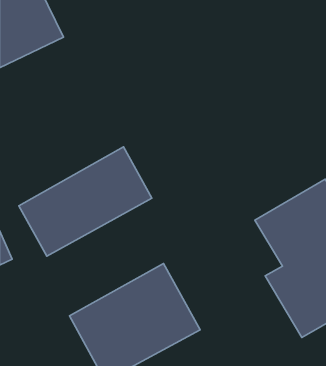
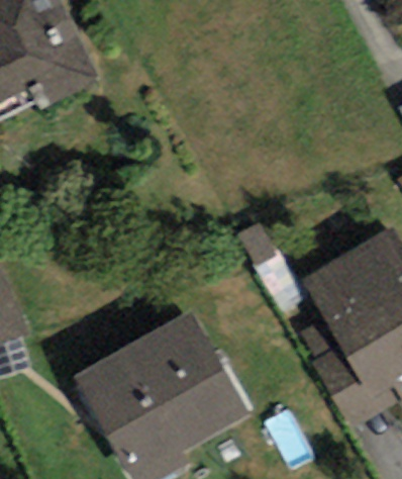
building: [19,147,152,256] -> none

